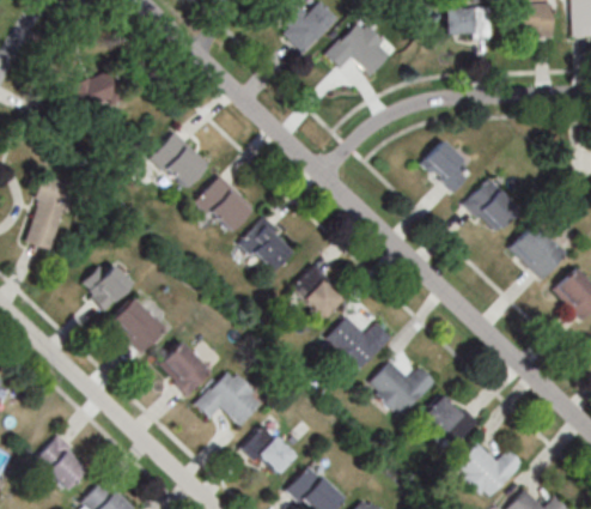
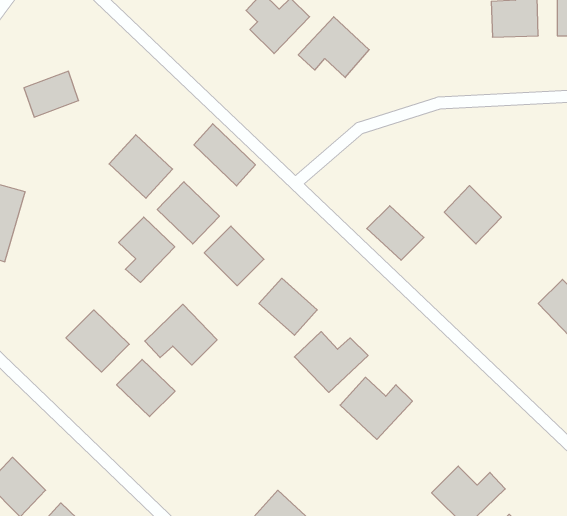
building: [446,8,491,38] -> none
building: none -> [194,124,255,186]
building: [421,141,475,193] -> [367,206,424,260]
building: none -> [119,217,175,282]
building: [510,223,567,280] -> none
building: [80,263,132,311] -> none
building: [196,370,264,428] -> [145,304,217,365]
building: [422,392,477,447] -> none
building: [242,425,296,478] -> none

